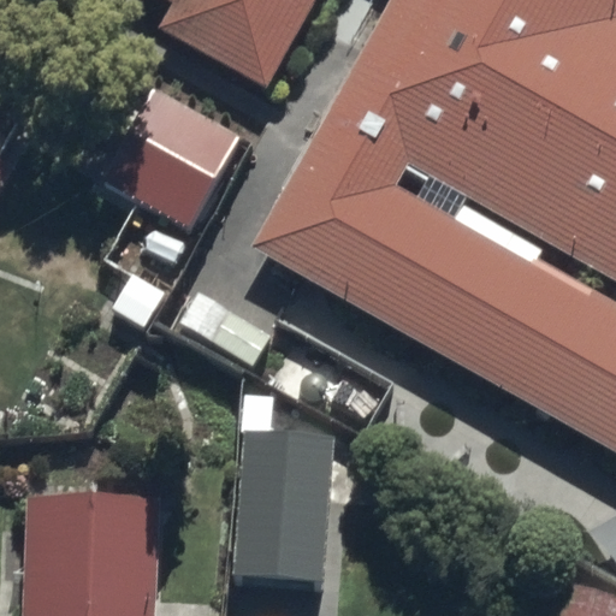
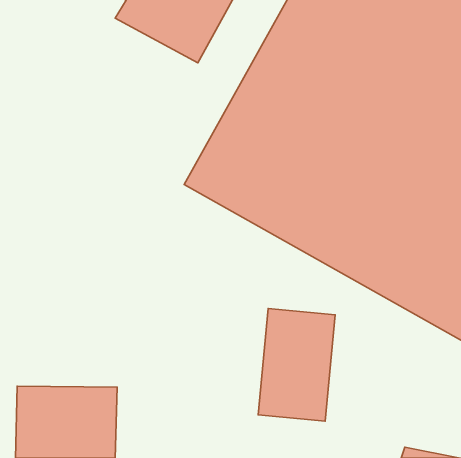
building: [103,96,247,243] -> none
building: [235,448,337,597] -> [258,309,335,421]

